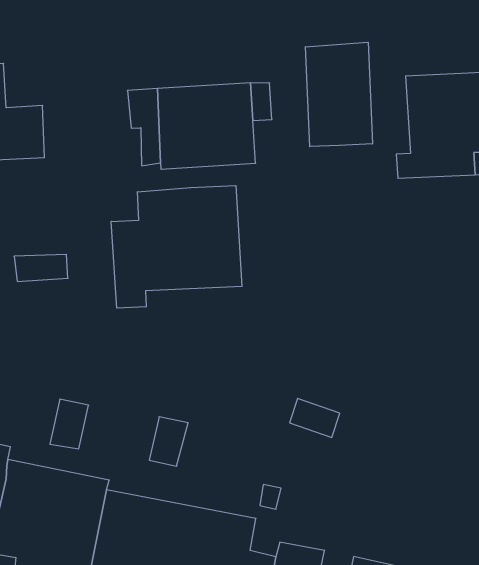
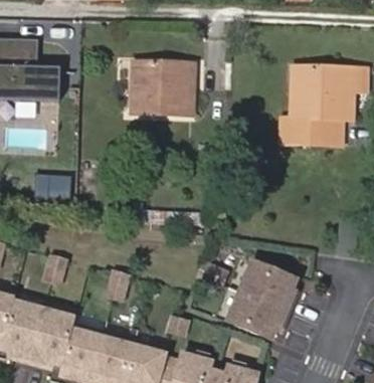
building: [305,42,372,147] -> none
building: [111,186,242,308] -> none
building: none -> [223,263,300,343]

